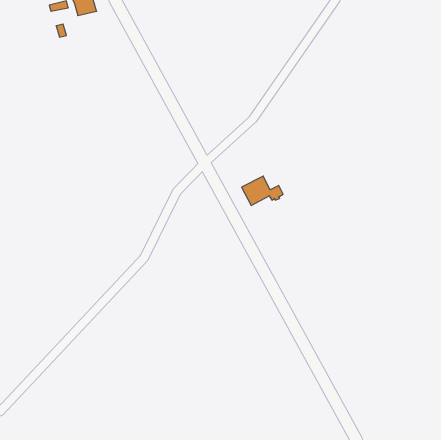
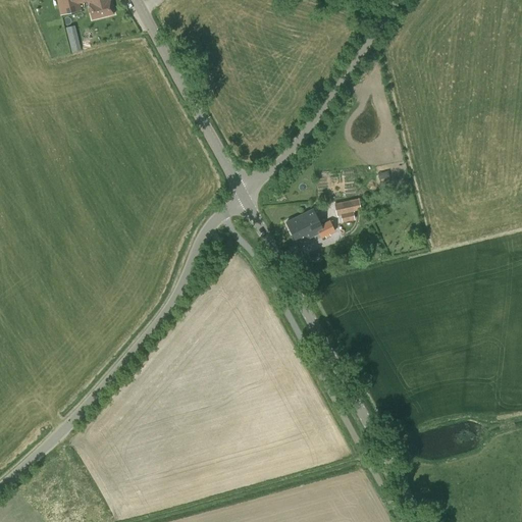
building: none -> [333,198,361,219]

